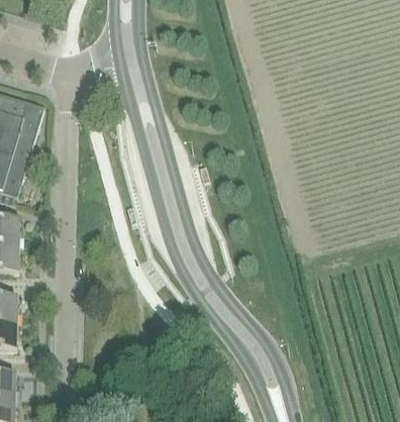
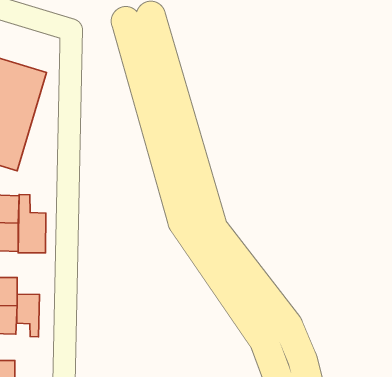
building: none -> [18,194,46,253]
building: none -> [17,294,40,337]

